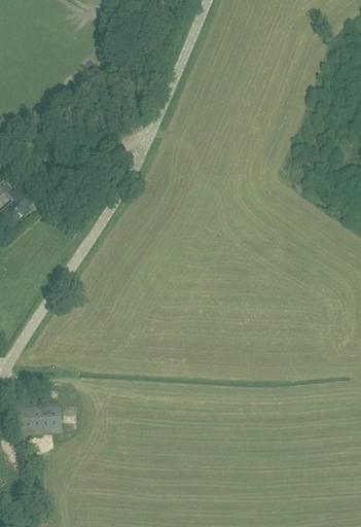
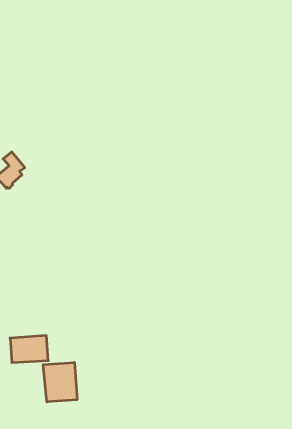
building: none -> [43,362,77,402]

